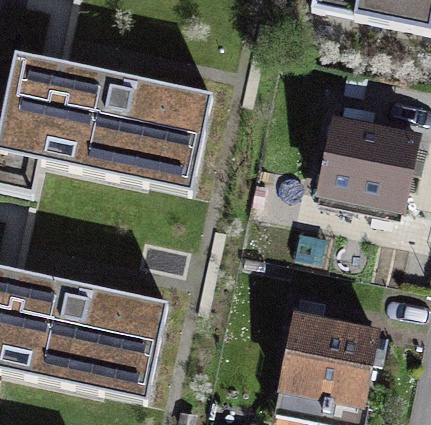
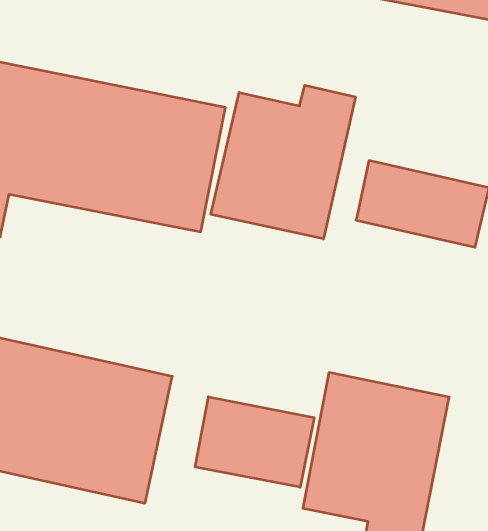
building: none -> [211,85,355,239]
building: none -> [195,397,314,487]

